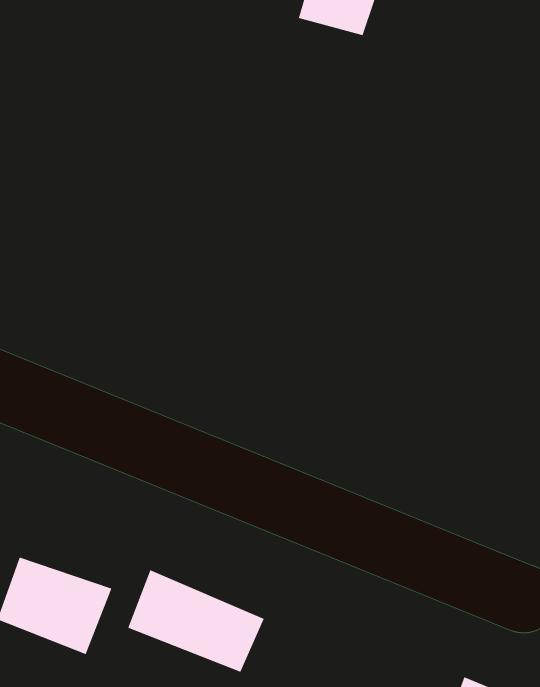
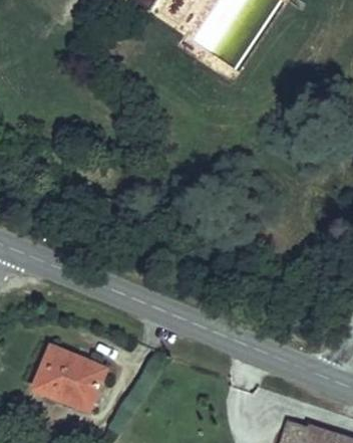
building: [127,569,265,673] -> none

